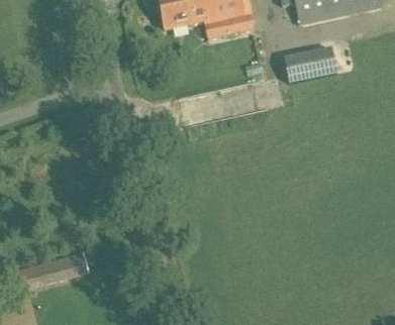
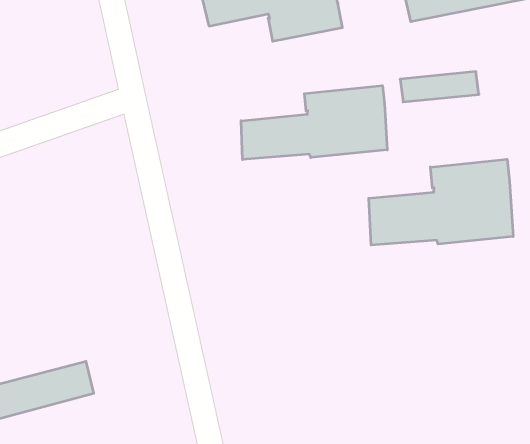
building: none -> [241,86,387,160]
building: none -> [369,159,513,245]

